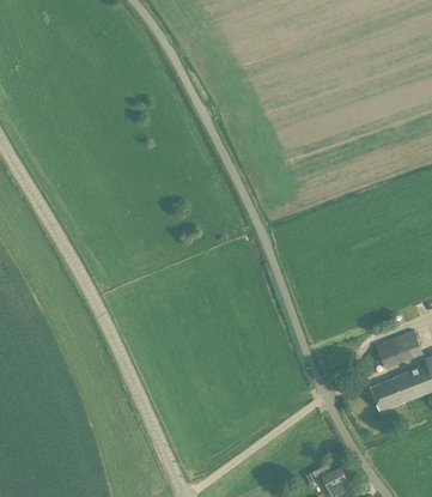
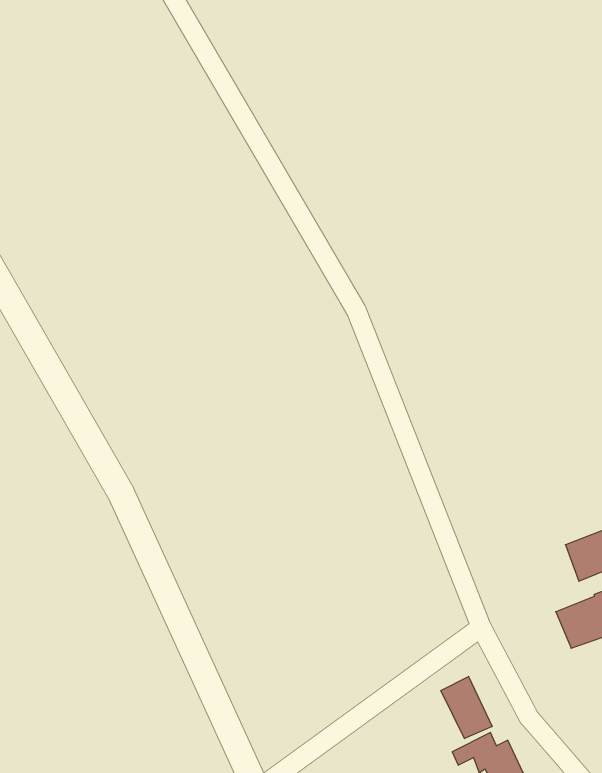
building: none -> [441,676,492,739]

